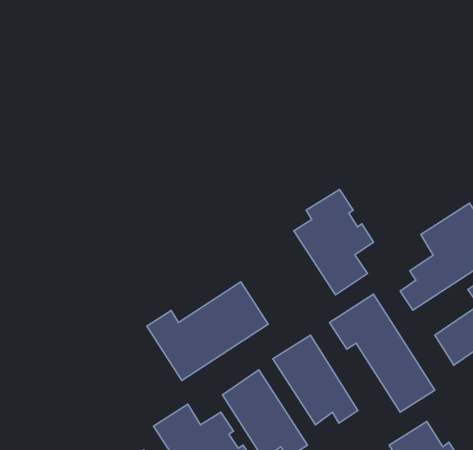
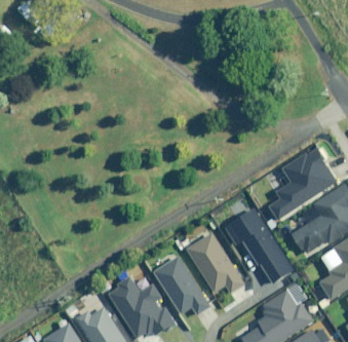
building: [294,190,373,295] -> none
building: [147,282,268,380] -> none

